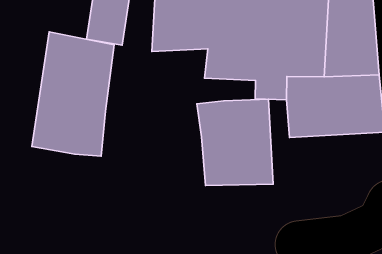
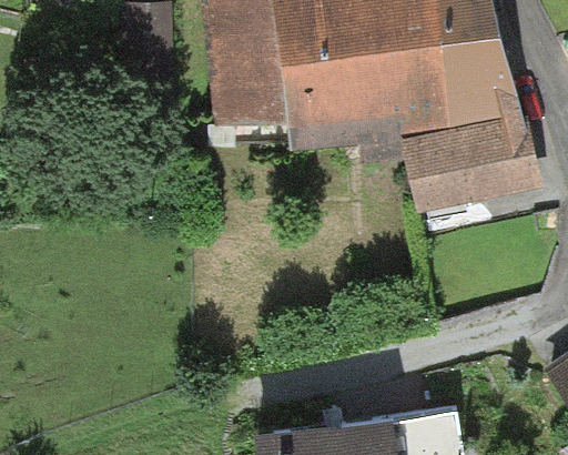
building: [32,32,114,156] -> none
building: [197,99,273,186] -> none

